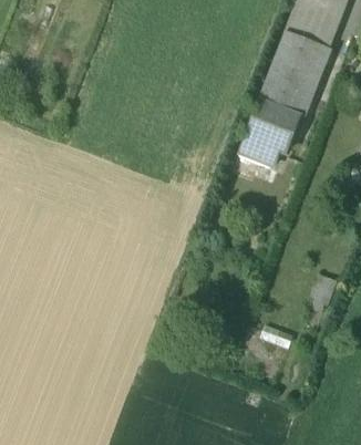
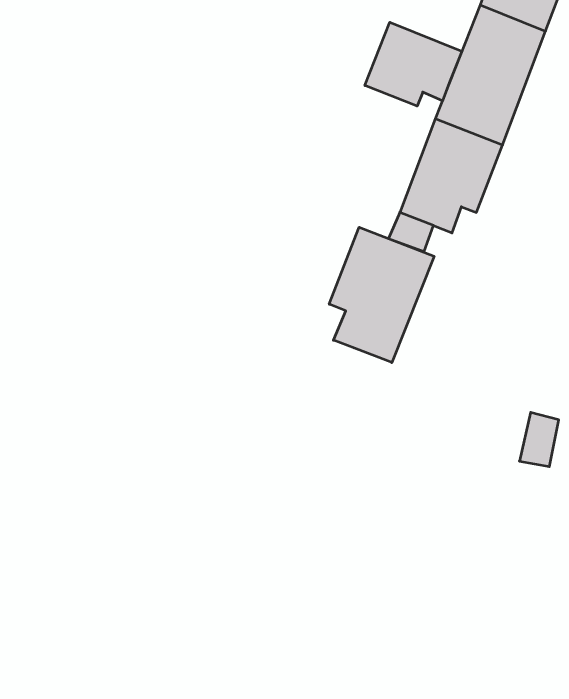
building: none -> [365,22,462,106]
building: none -> [329,227,434,363]

